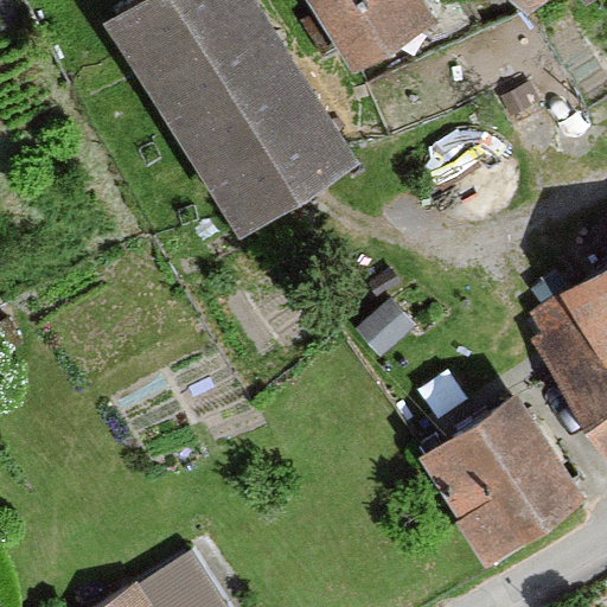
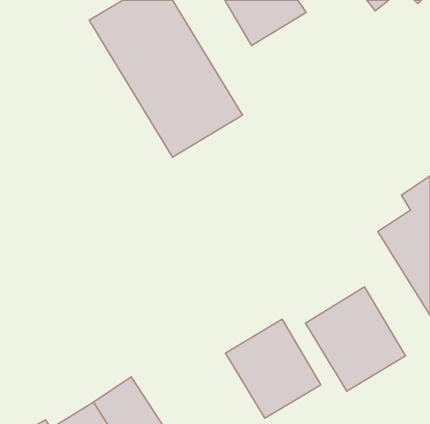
building: none -> [226,319,321,418]

